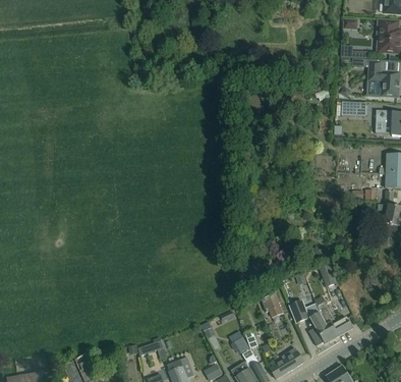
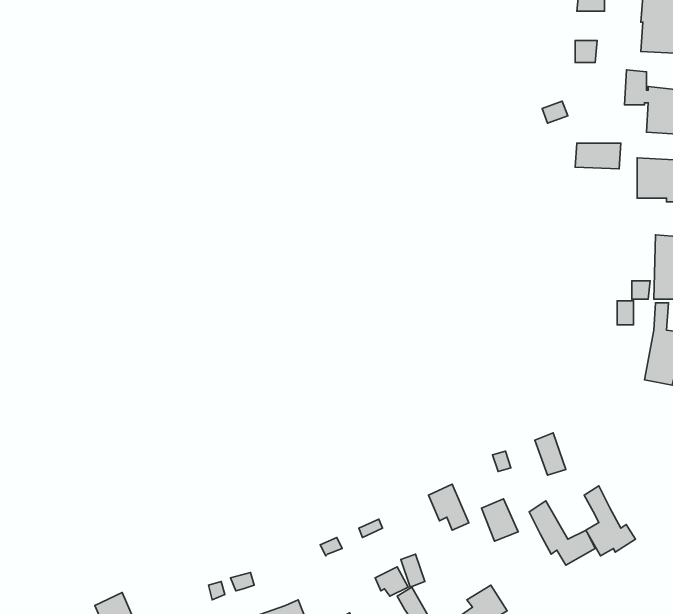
building: [307,307,336,345] -> [584,486,635,556]

